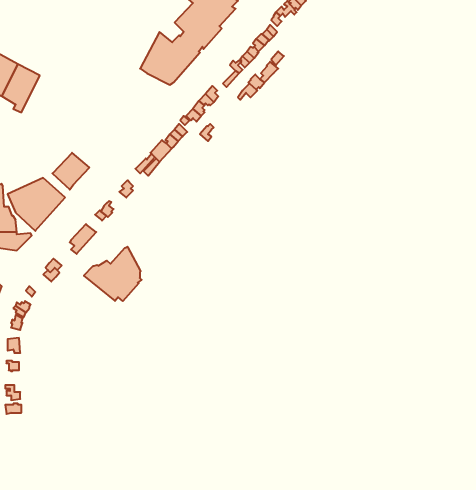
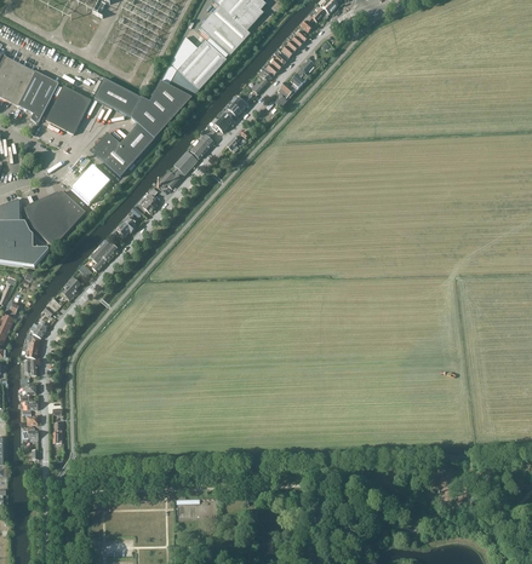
building: none -> [92,75,193,175]
building: none -> [46,85,91,133]
building: [84,247,142,301] -> none

